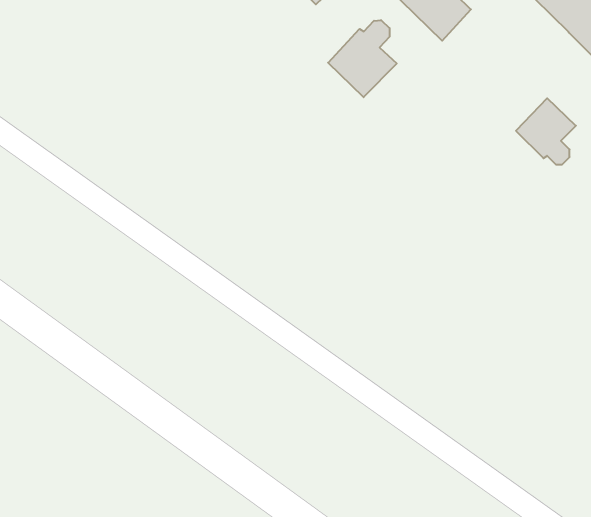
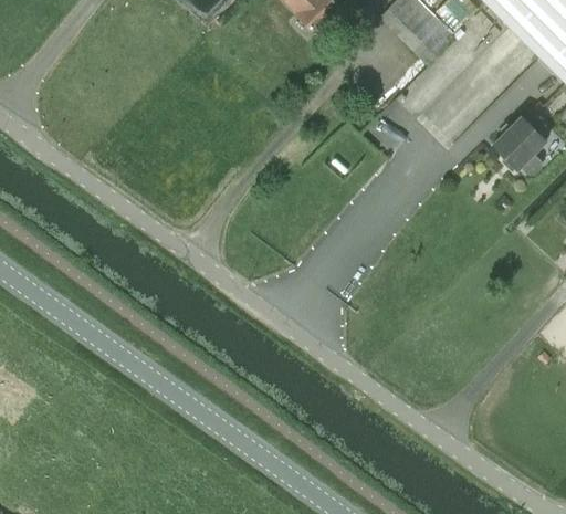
building: [328,20,397,97] -> none

